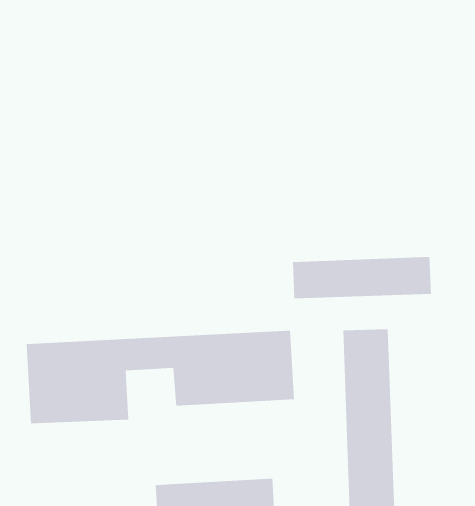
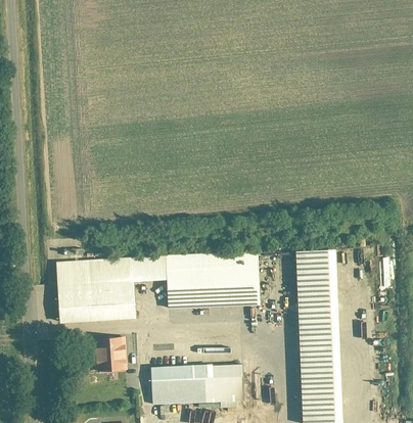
building: [292,256,431,299] -> none
building: none -> [98,336,132,372]

